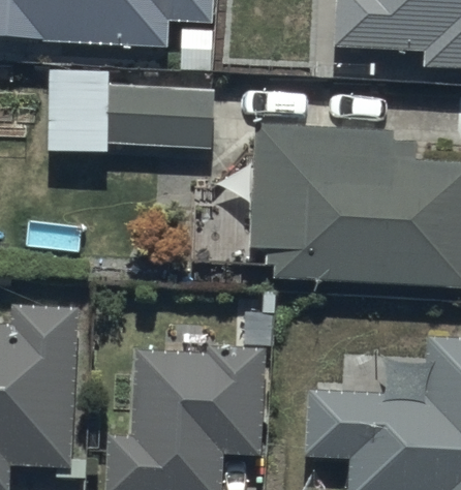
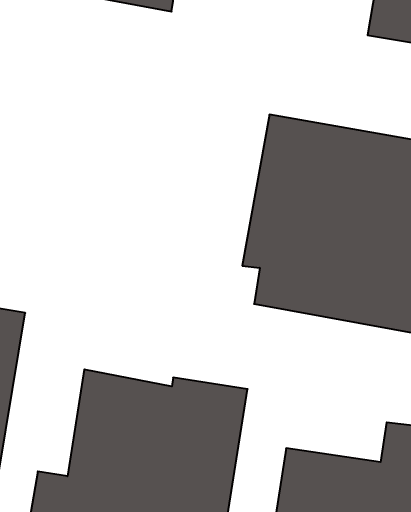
building: [50,66,212,150] -> none

